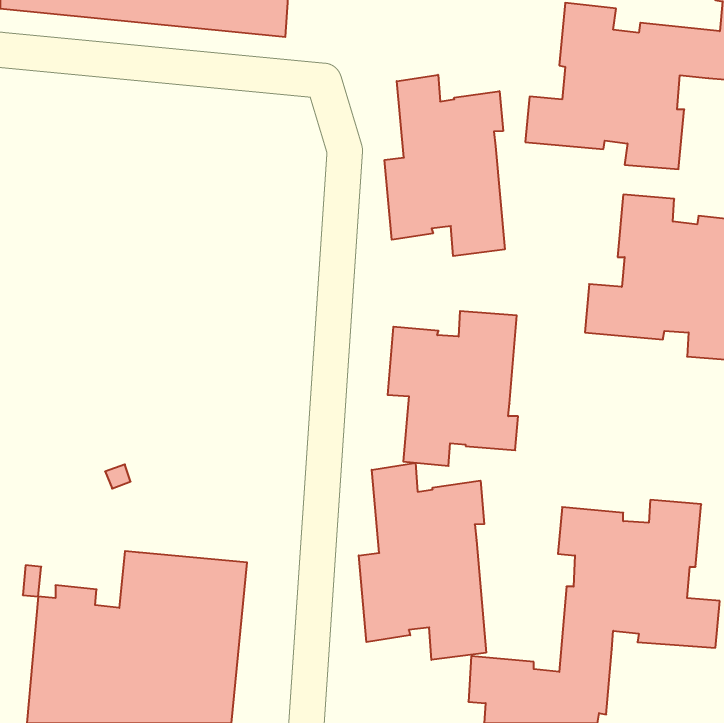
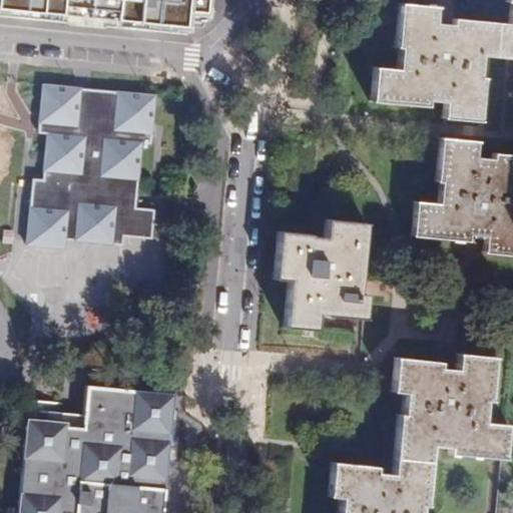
building: [385,75,505,256] -> none
building: none -> [28,87,154,247]
building: [359,463,486,660] -> none

